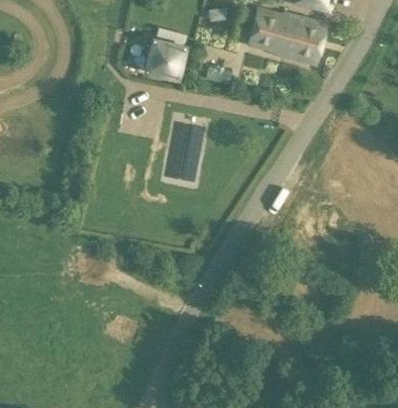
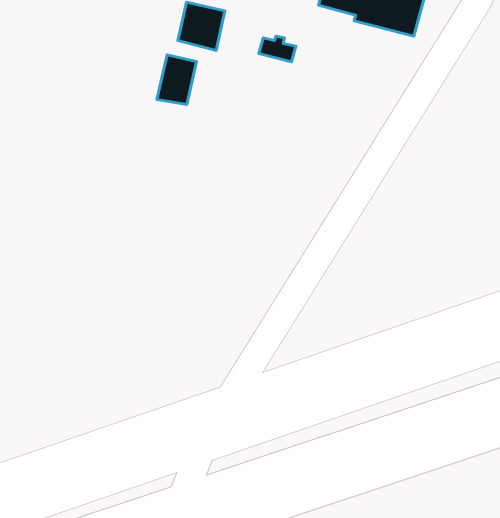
building: none -> [157,55,196,105]

